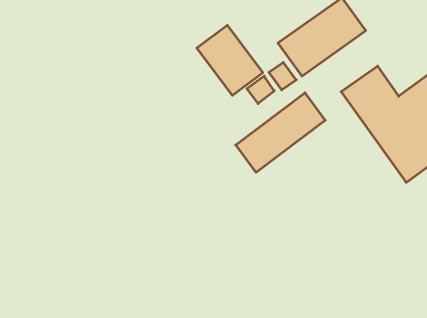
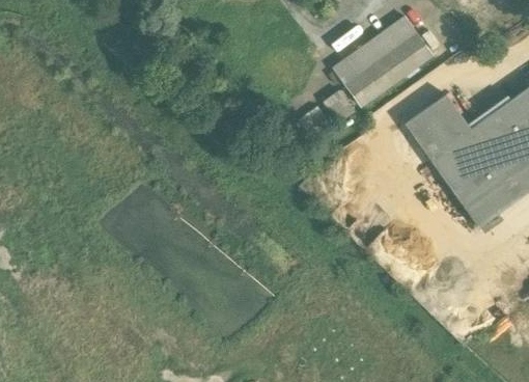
building: [197,25,263,95] -> none
building: [236,93,325,172] -> none

